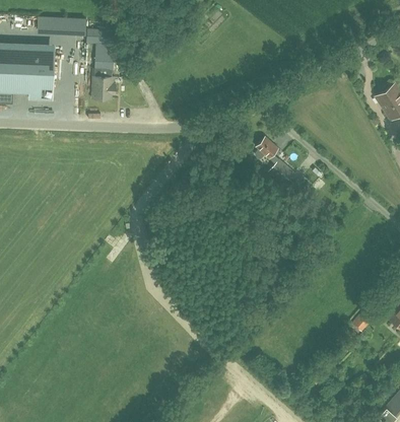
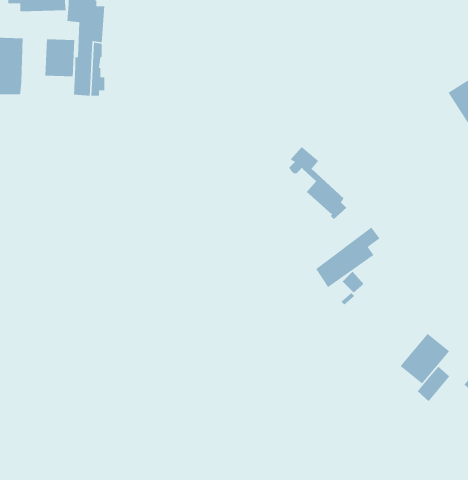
building: none -> [44,39,75,77]
building: none -> [315,226,380,288]
building: none -> [399,333,450,384]

